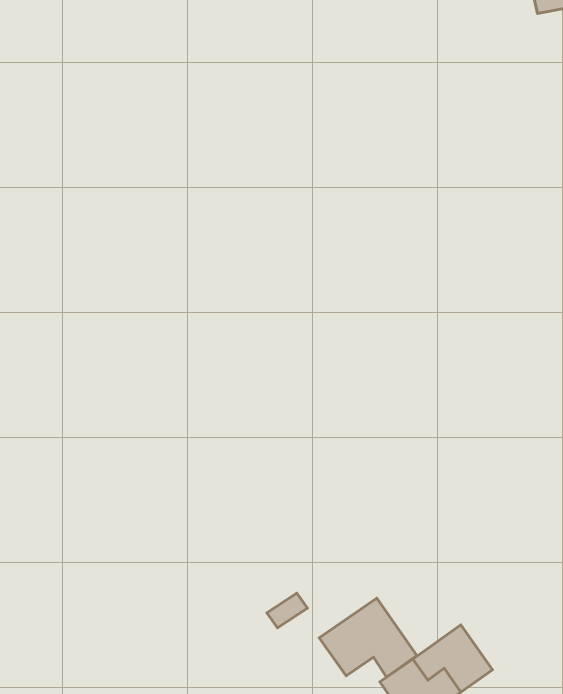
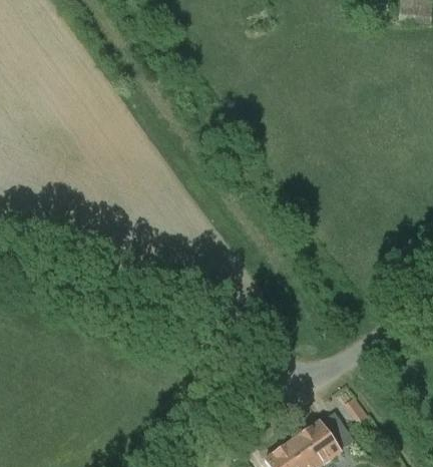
building: [319,598,417,677] -> none

